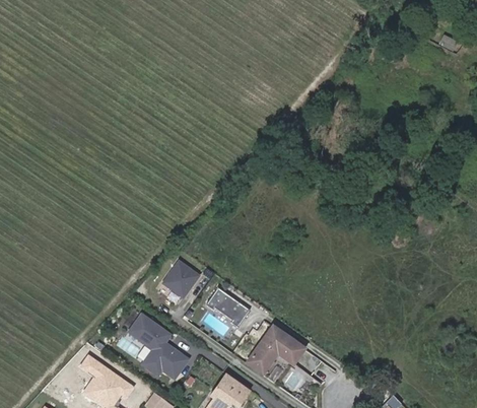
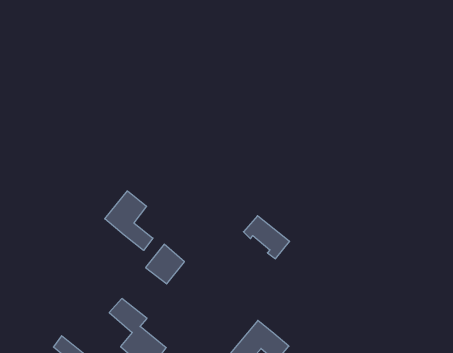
building: none -> [105,191,153,250]
building: [206,288,251,328] -> [243,216,290,259]

